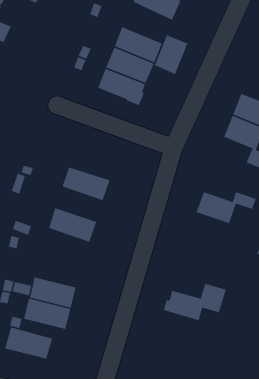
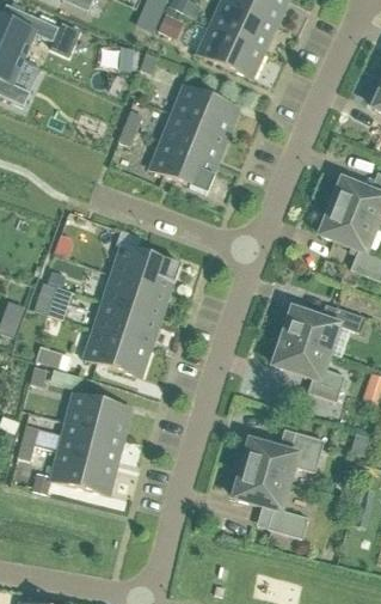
building: [154,34,189,75] -> none
building: none -> [111,230,180,292]
building: none -> [92,301,158,348]
building: none -> [272,336,344,402]
building: none -> [233,468,307,538]
building: [4,327,53,360] -> [64,392,130,437]

